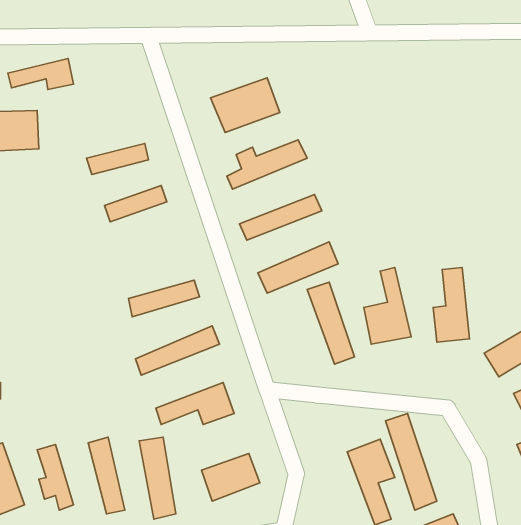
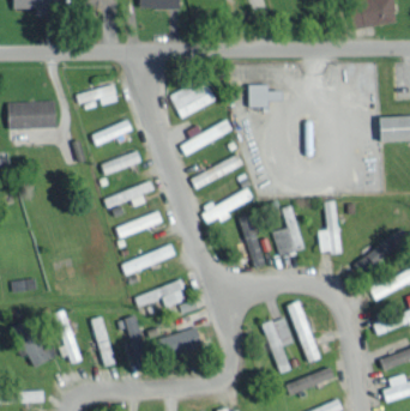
building: [8,59,73,90] -> [74,85,117,105]
building: none -> [249,84,284,107]
building: none -> [103,181,155,208]

